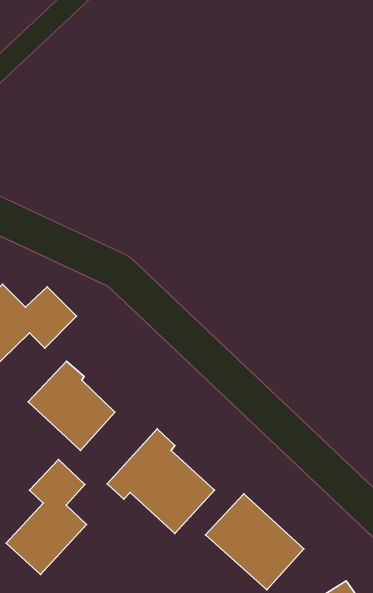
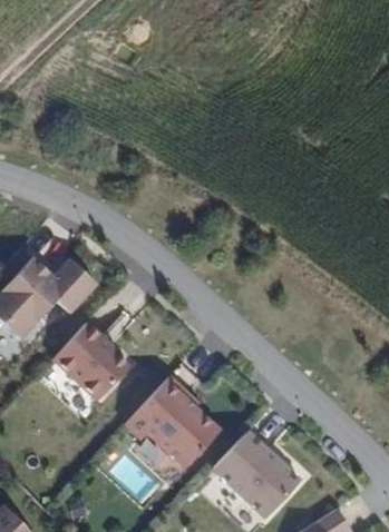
building: [6,459,87,575] -> none

